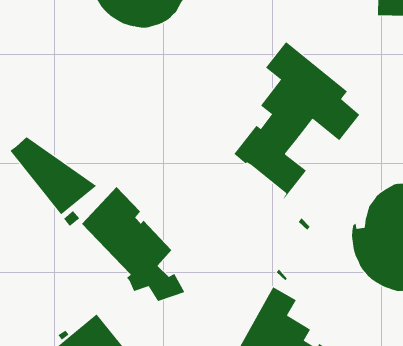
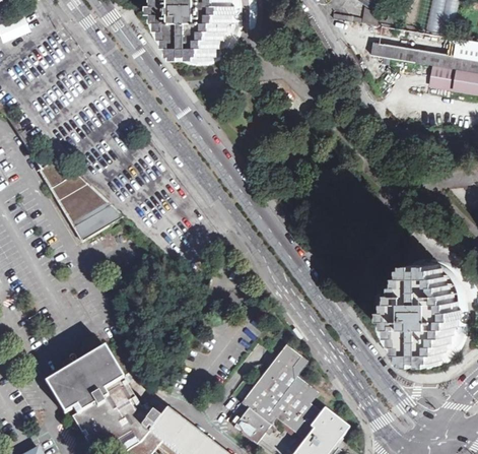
building: [233,41,360,199] -> none
building: [81,186,185,302] -> none

